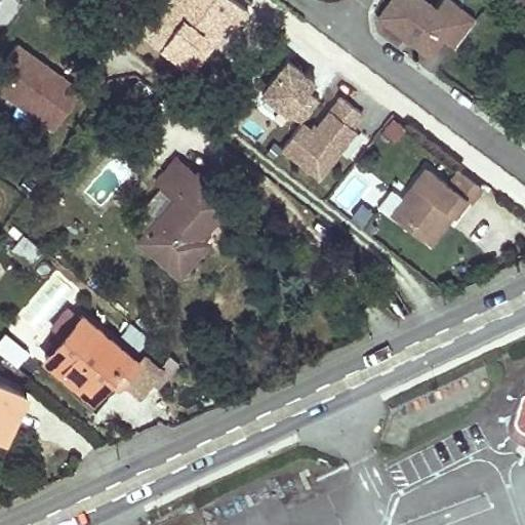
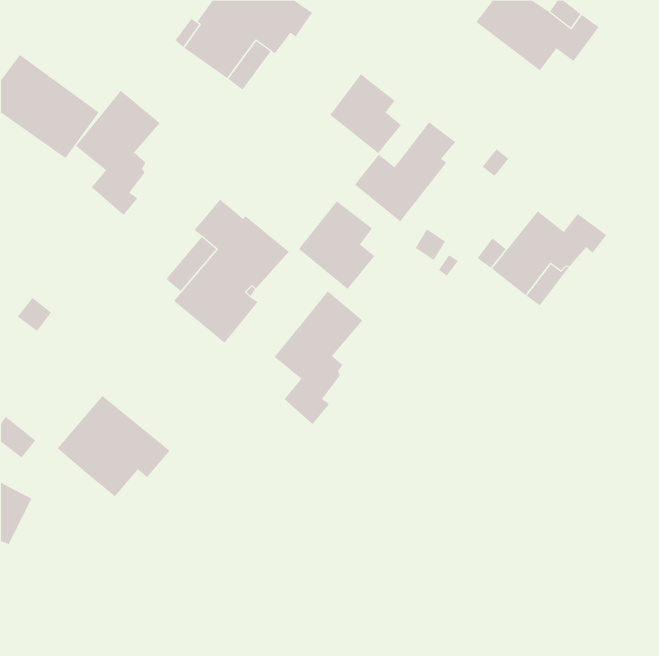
building: none -> [75,90,161,216]
building: none -> [298,201,375,290]
building: none -> [274,291,363,425]
building: [119,354,165,400] -> none

